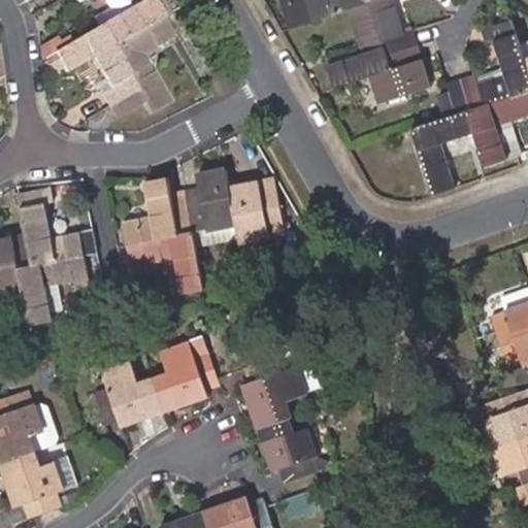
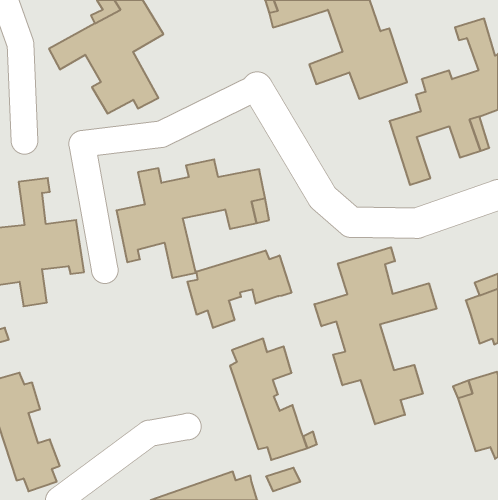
building: none -> [314,247,437,424]
building: none -> [187,250,291,328]
building: [94,342,220,427] -> none

